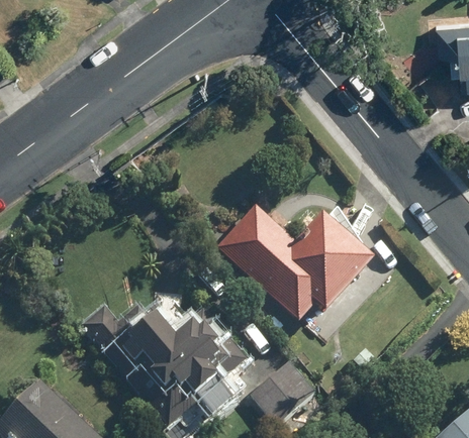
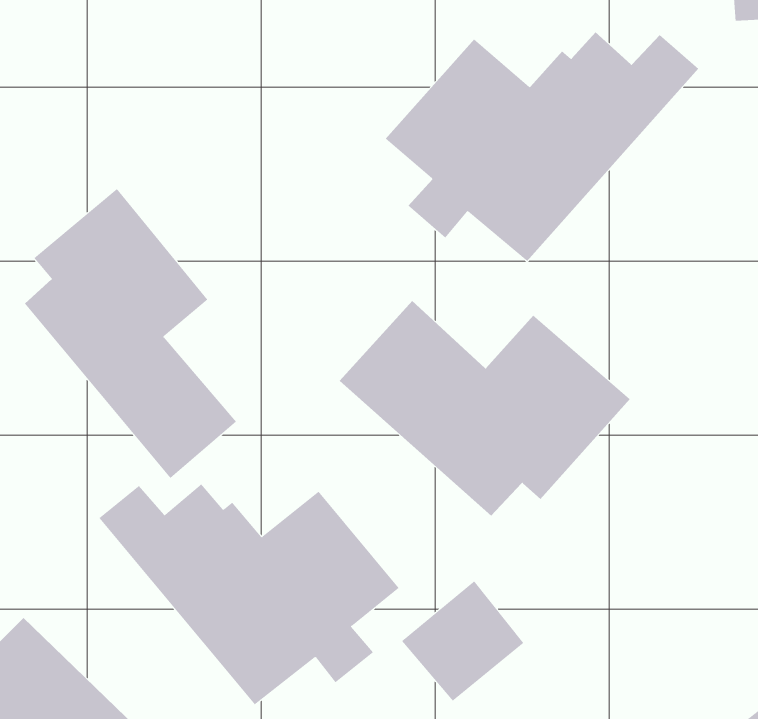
building: none -> [385,32,699,262]
building: none -> [24,188,237,479]

